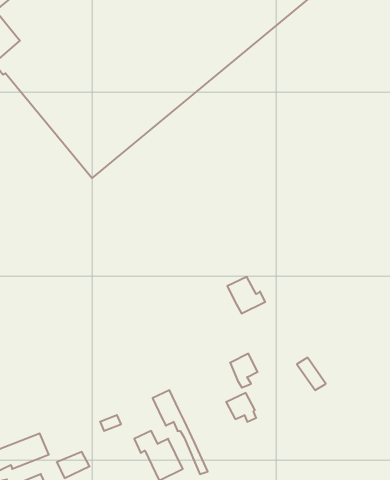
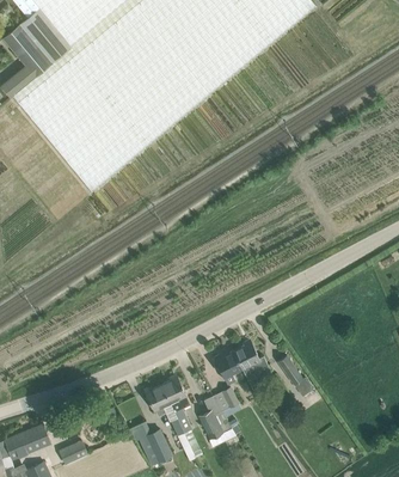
building: [227,277,265,314] -> [233,343,268,377]
building: none -> [161,378,190,433]
building: none -> [198,396,232,447]

